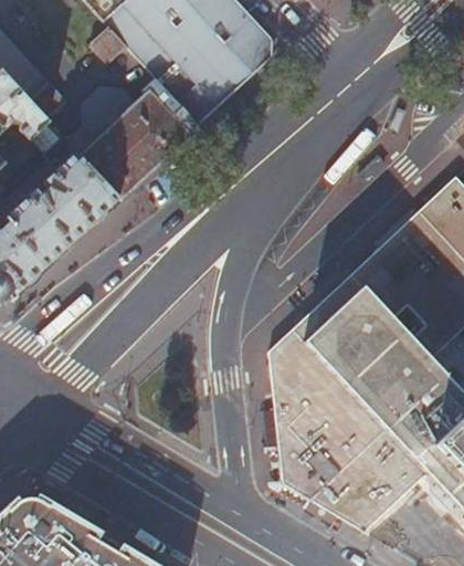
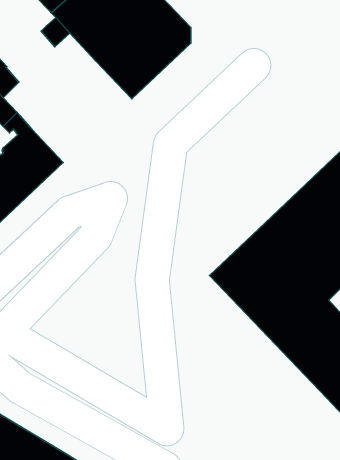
building: [66,76,200,198] -> none
building: [272,333,433,536] -> none

